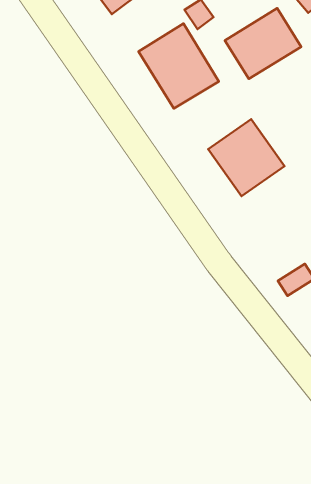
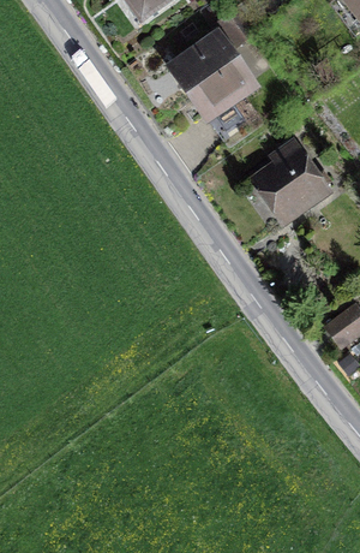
building: [225,8,301,79] -> none

